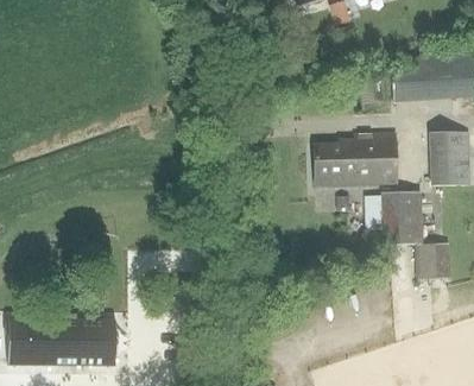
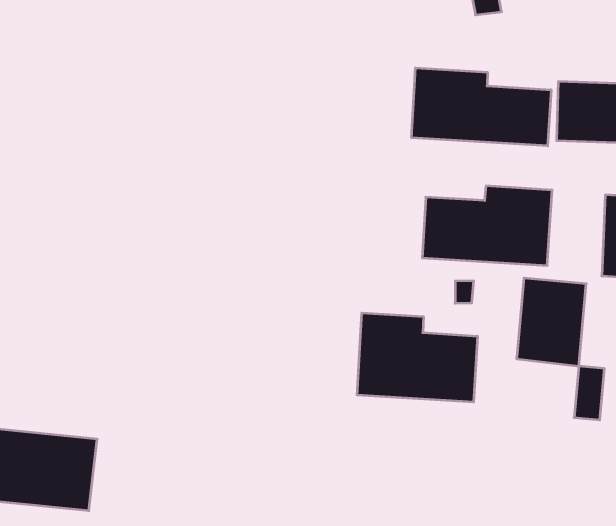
building: none -> [412,68,551,146]
building: none -> [357,313,477,402]

